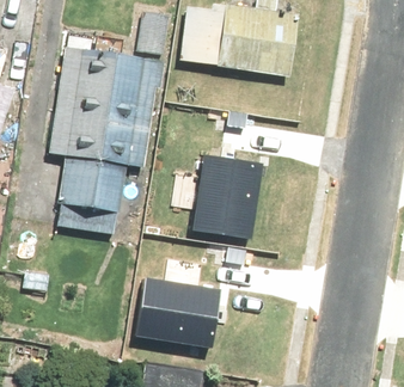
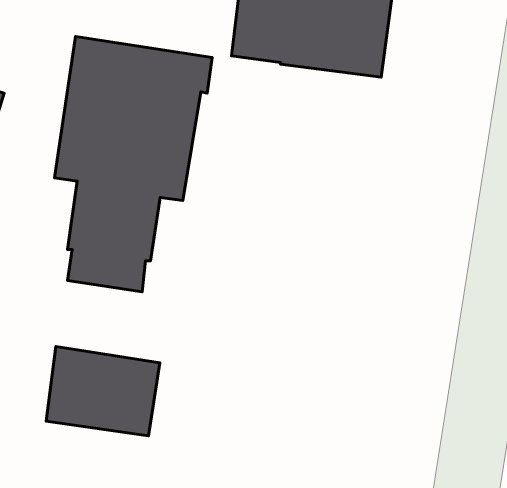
building: [192,147,264,238] -> none
building: [140,275,224,340] -> [46,346,160,436]

